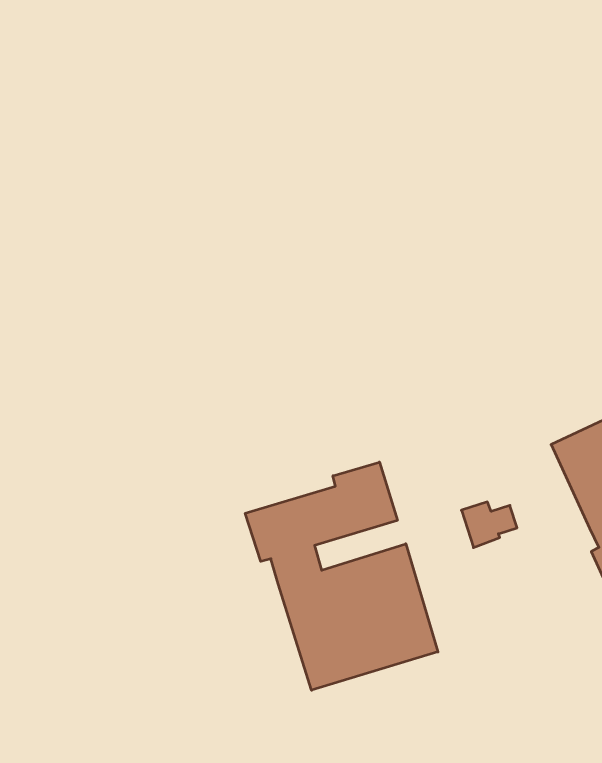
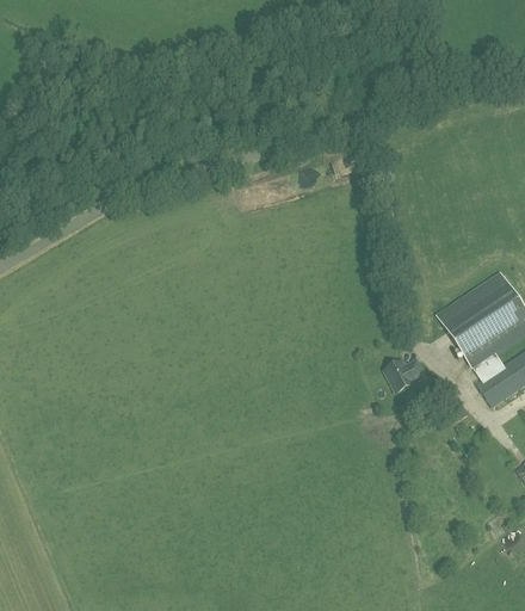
building: [245,462,438,690] -> none

